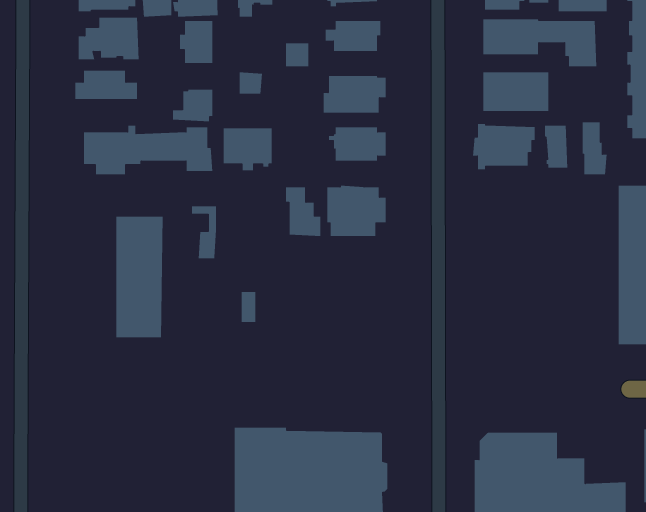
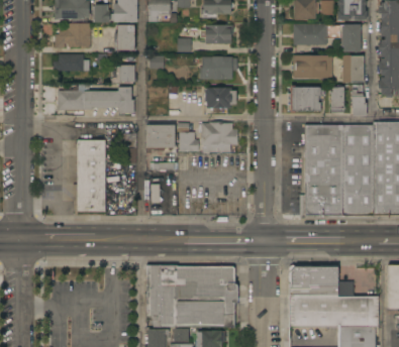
building: none -> [342,55,363,83]
building: [223,128,273,171] -> [145,126,175,151]
building: none -> [299,125,373,219]

